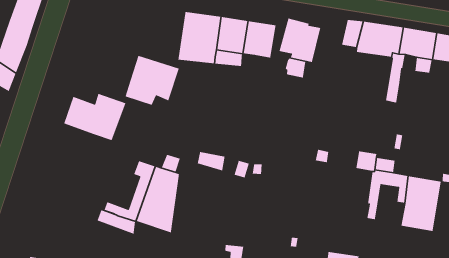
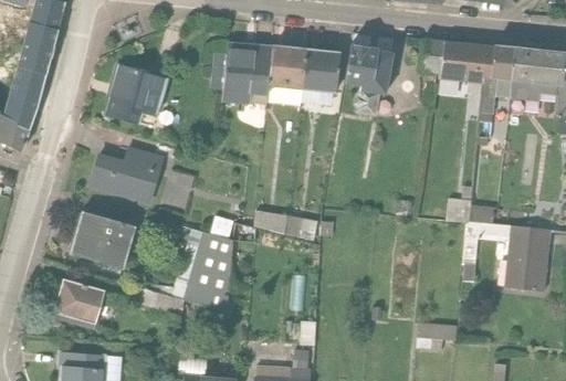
building: [124,55,180,106] -> [104,63,169,124]
building: none -> [70,211,136,268]
building: none -> [54,278,104,329]

